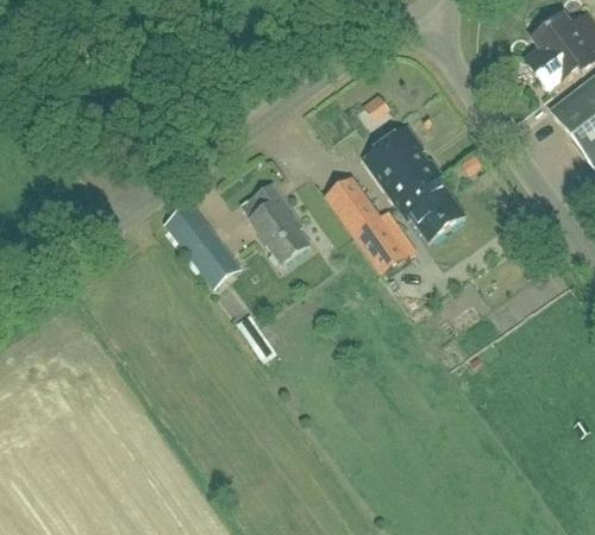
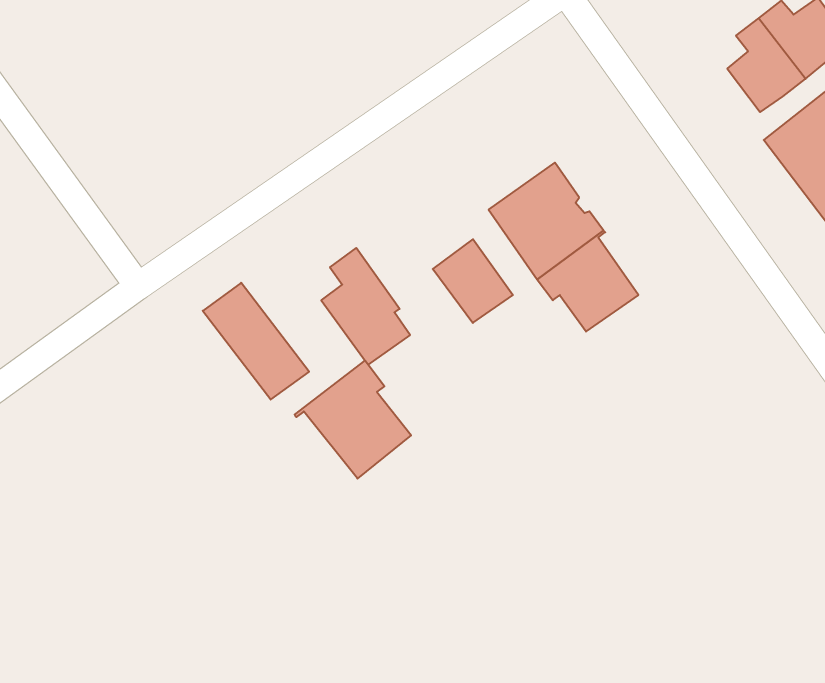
building: [351,214,408,275] -> none
building: none -> [295,361,411,479]

